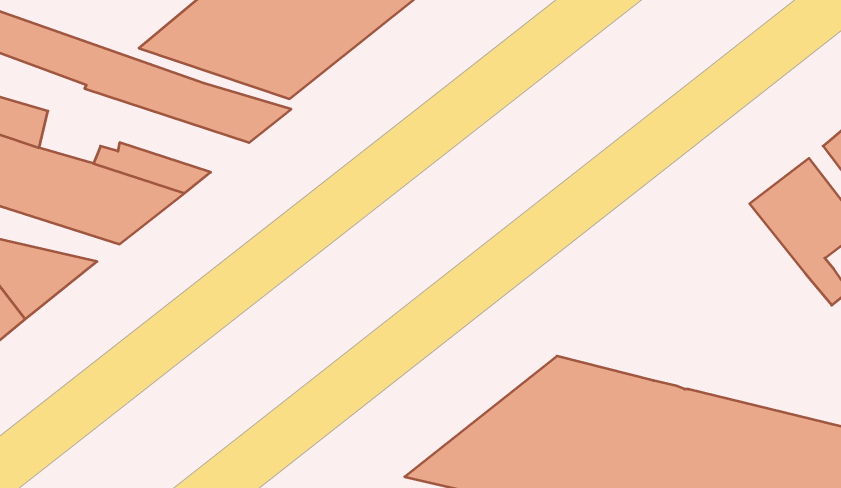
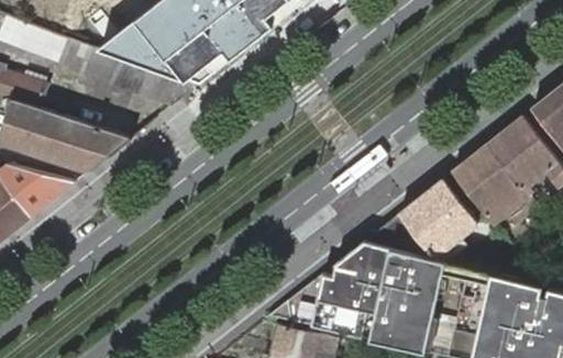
building: none -> [452,148,527,226]
building: none -> [365,181,477,259]

